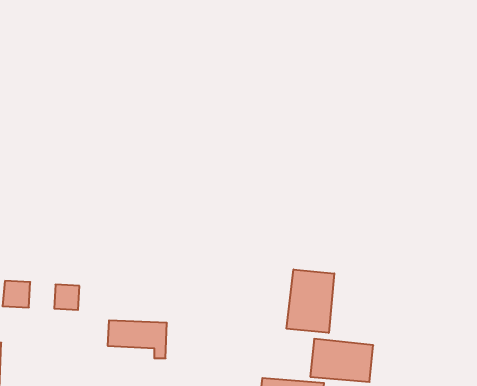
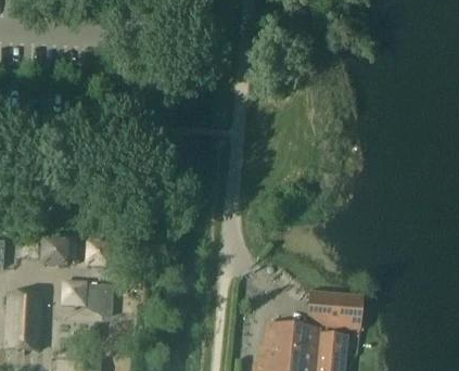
building: [287,269,334,333] -> none
building: [108,320,167,358] -> [63,282,114,315]

